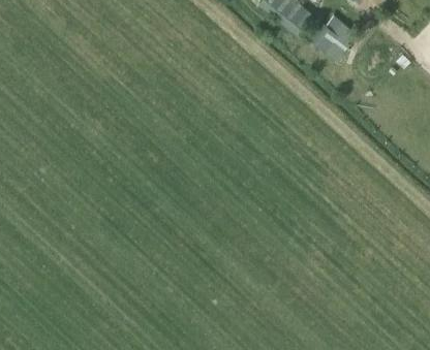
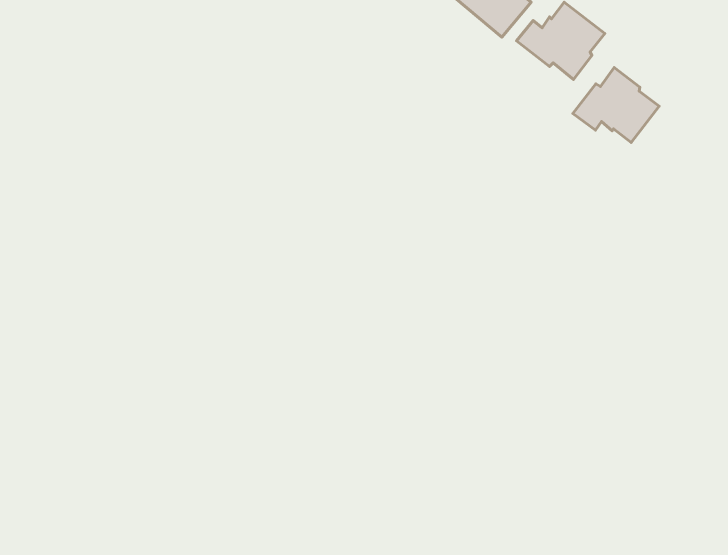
building: none -> [573,68,659,143]

